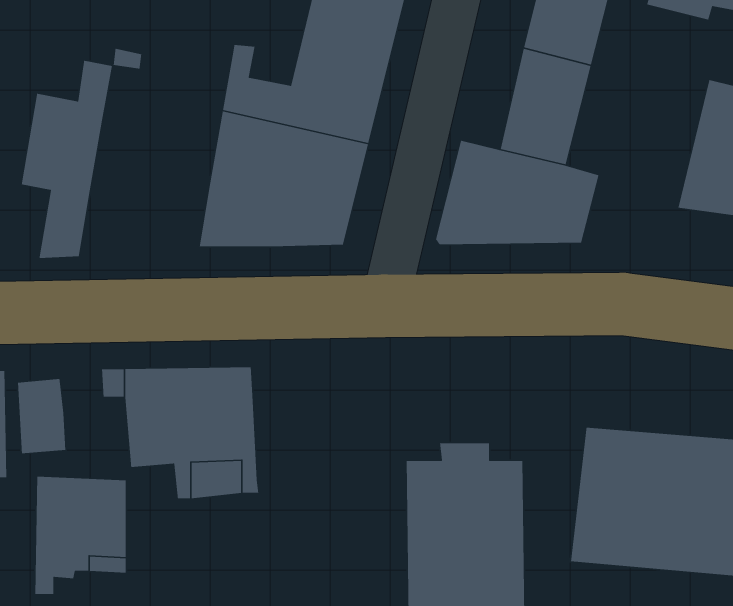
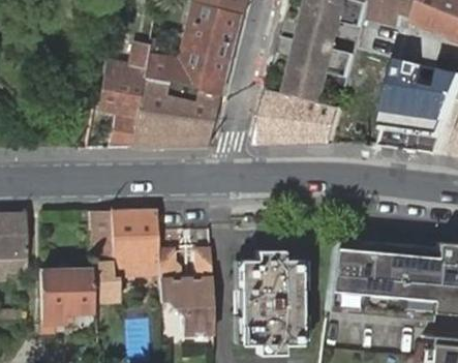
building: [21,60,113,259] -> [98,42,147,148]
building: [17,378,66,454] -> [93,262,119,302]
building: none -> [159,248,214,332]

